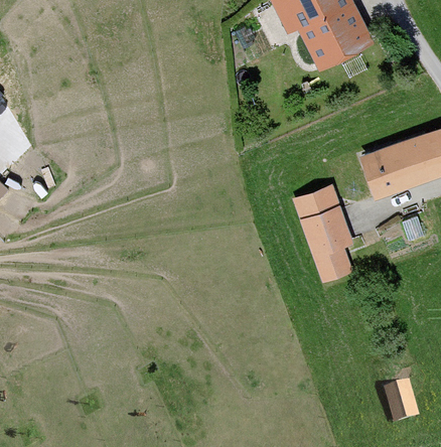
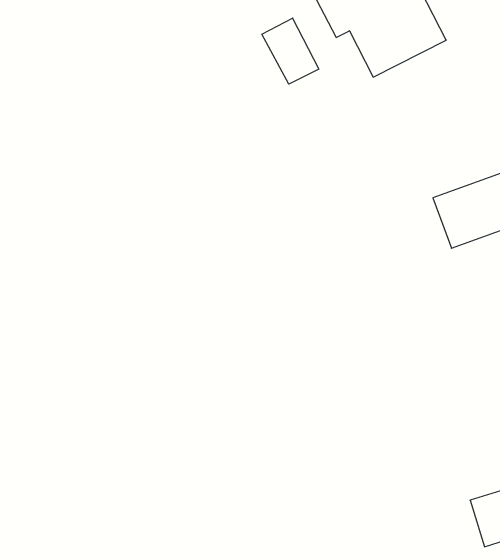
building: none -> [262,18,319,84]
building: [294,185,355,282] -> none

